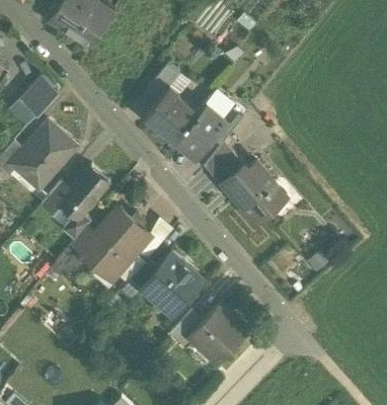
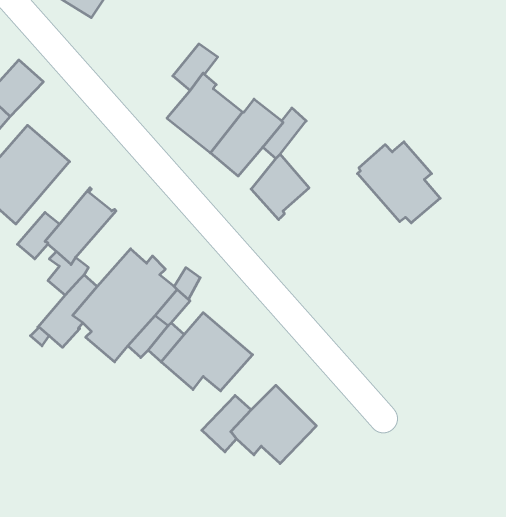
building: [225,164,283,221] -> [357,142,440,223]

